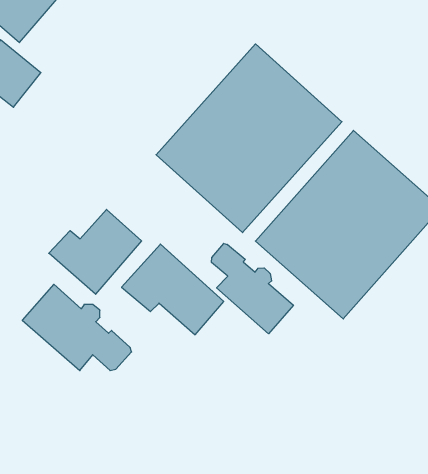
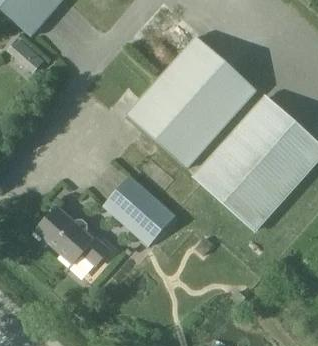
building: [49,209,142,294] -> none
building: [212,243,293,334] -> none

